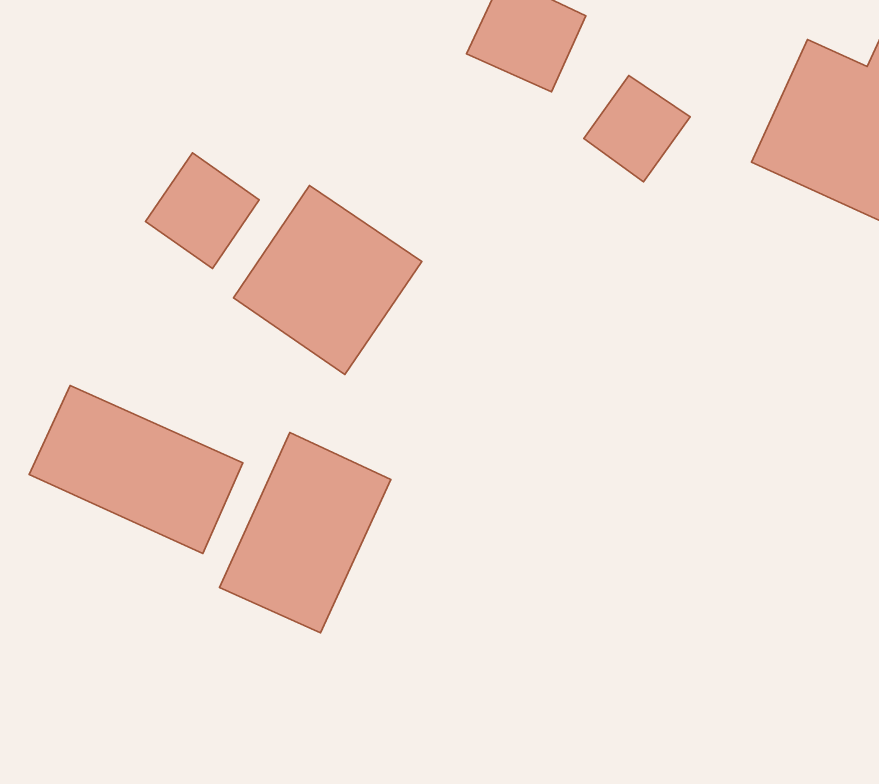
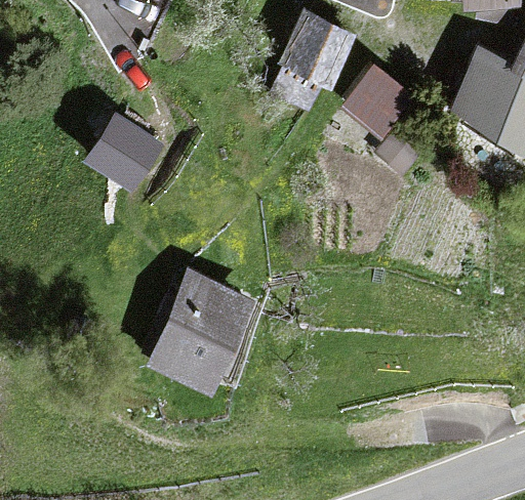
building: [234,185,422,374] -> none
building: [29,385,243,553] -> none

